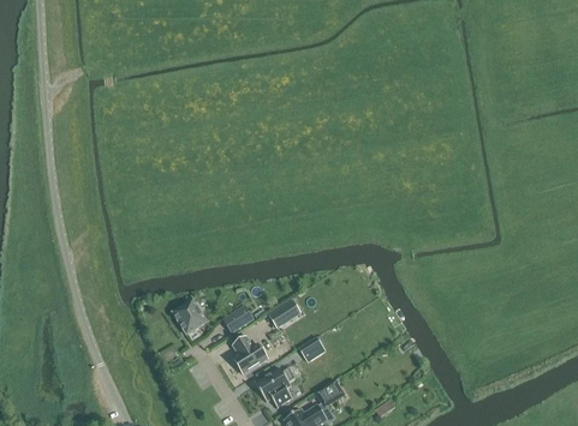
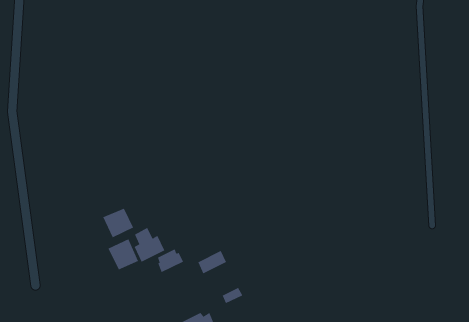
building: none -> [103,208,134,238]
building: [233,336,268,374] -> [134,227,165,262]

